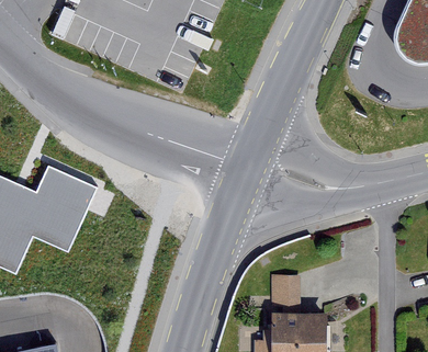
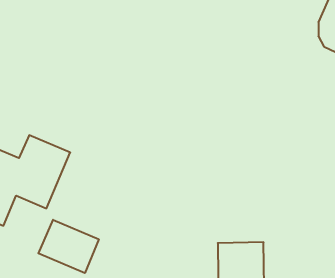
building: none -> [38,220,99,273]

